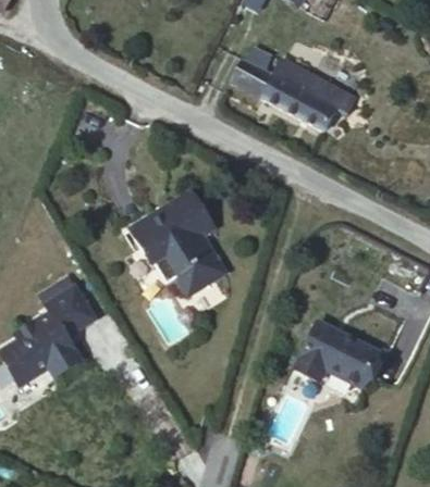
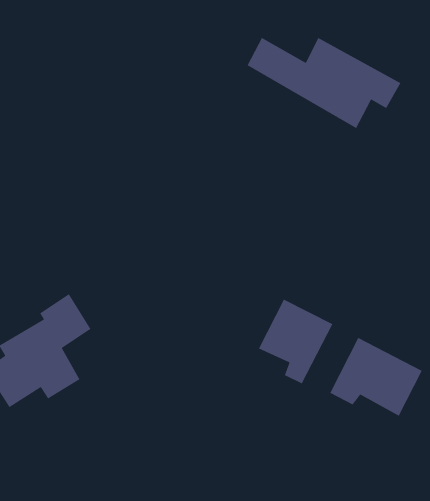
building: [122,185,217,283] -> none
building: none -> [258,299,333,385]

